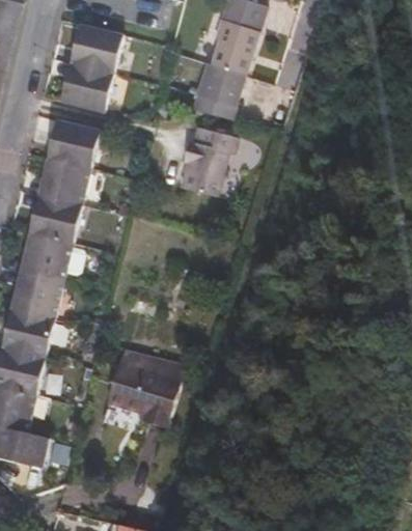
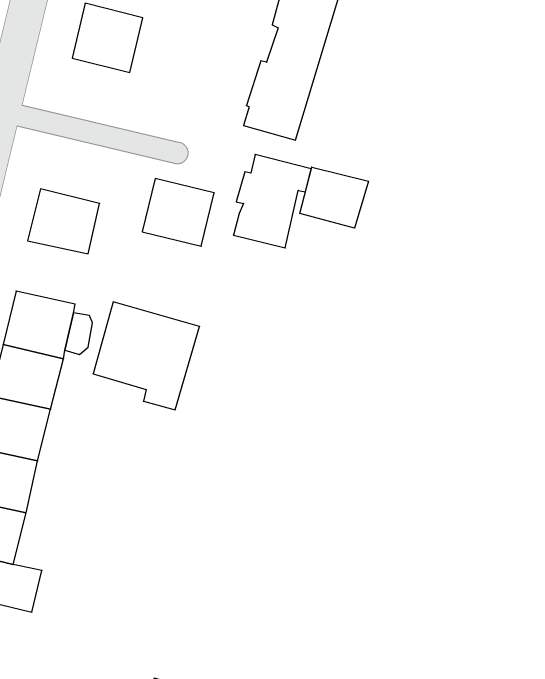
building: [59,64,110,113] -> none
building: [46,120,98,169] -> [142,179,214,246]
building: none -> [300,167,368,228]
building: [28,196,80,242] -> none
building: [108,348,185,426] -> [93,302,200,410]

